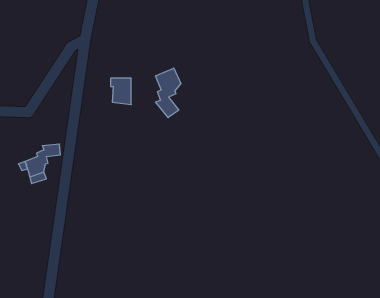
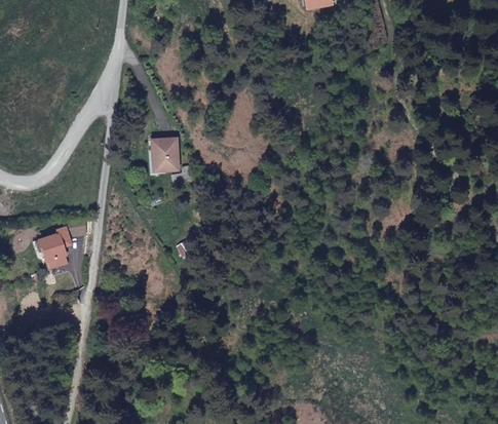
building: [156,68,181,118] -> none

